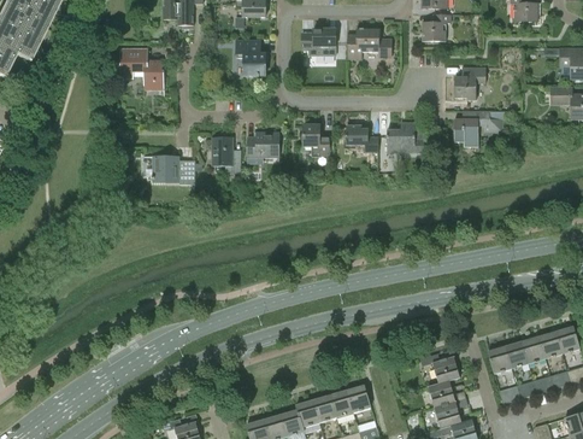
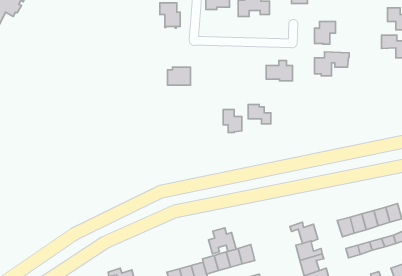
building: [120,47,164,88] -> none
building: [304,124,330,157] -> [223,110,242,133]
building: [346,124,378,152] -> [248,104,271,124]
building: [213,139,241,172] -> none
building: [151,156,195,183] -> none
building: none -> [209,228,236,254]

